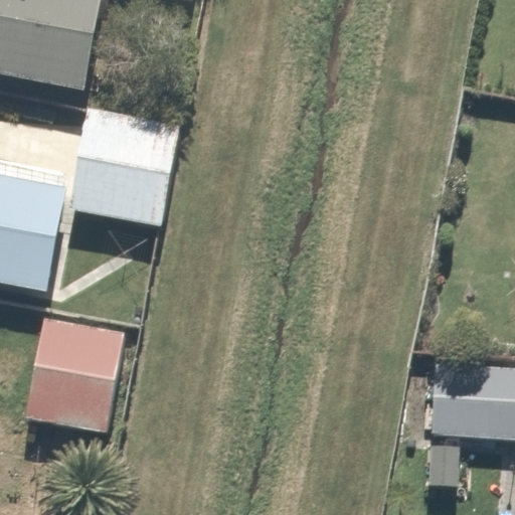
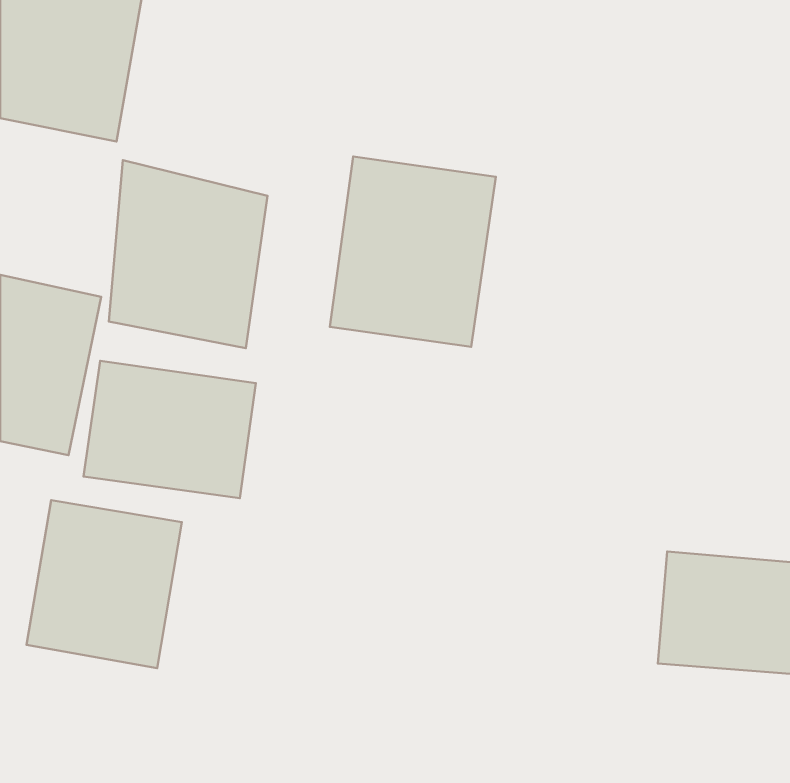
building: none -> [330,157,496,347]
building: none -> [84,361,256,498]

